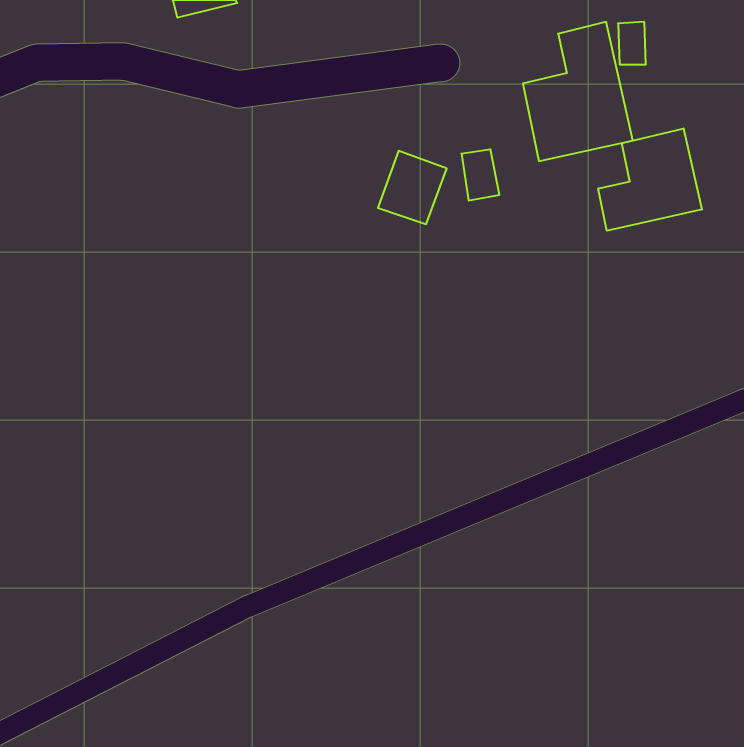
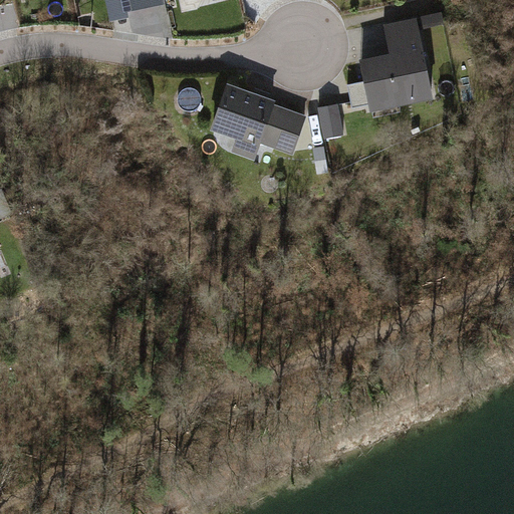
building: none -> [209,83,275,160]
building: [598,128,702,231] -> none

